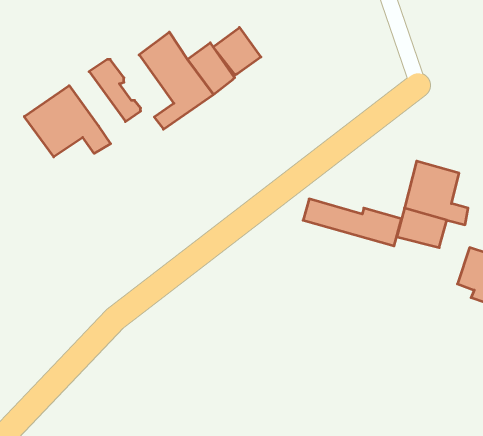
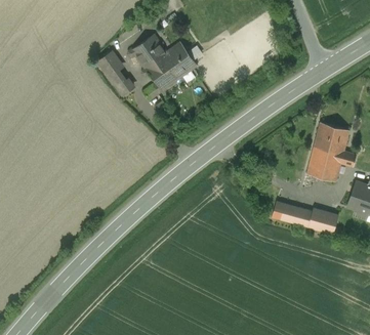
building: [213,27,261,75] -> none
building: [24,86,111,157] -> none
building: [303,199,402,246] -> [272,201,338,233]

